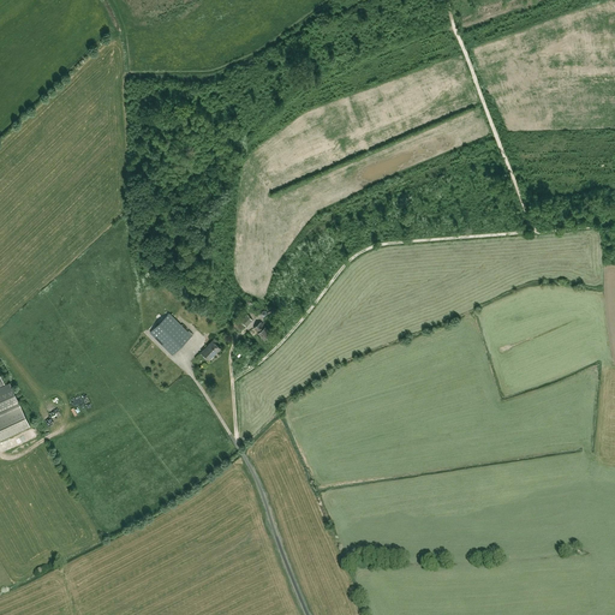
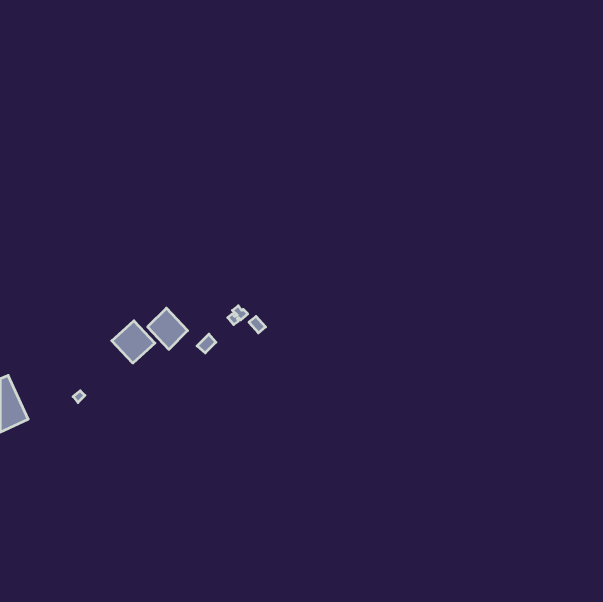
building: none -> [112,321,155,363]

